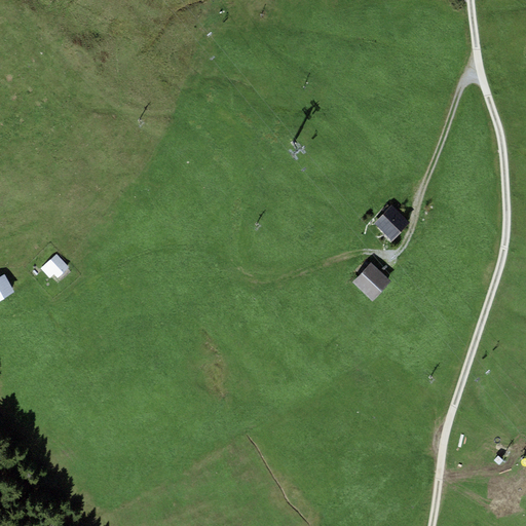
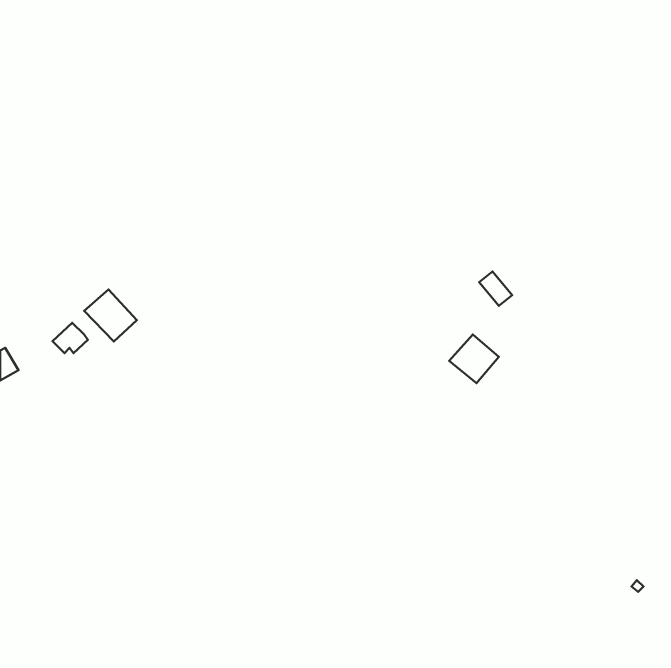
building: none -> [84,290,137,341]

